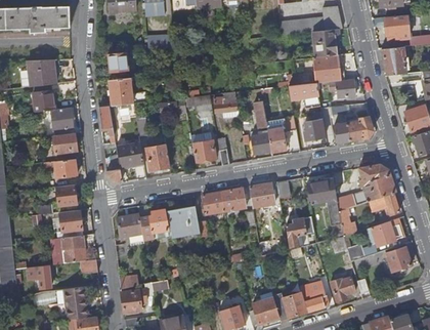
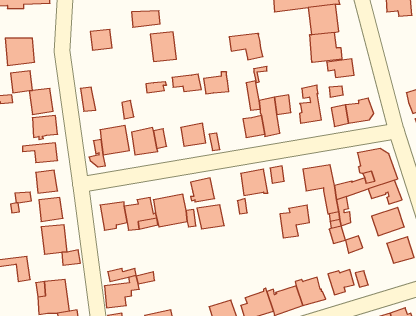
building: [382,47,408,76] -> none
building: [109,78,133,106] -> [150,32,176,61]
building: [289,83,320,108] -> [229,34,263,60]
building: [220,189,246,211] -> [197,205,224,229]

